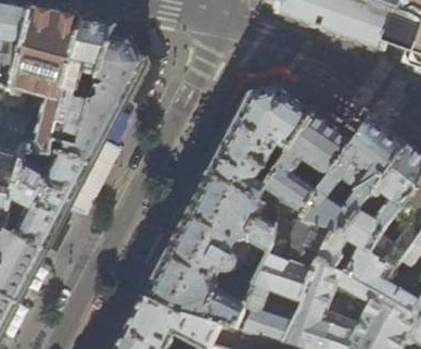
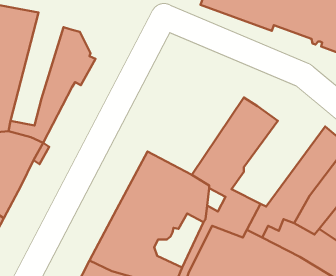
building: [53,16,115,144] -> none
building: [207,85,316,199] -> none
building: [302,115,407,235] -> none

